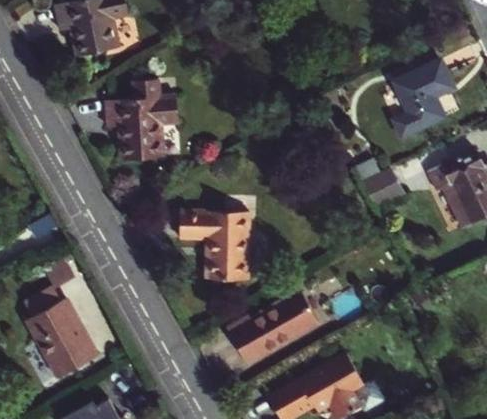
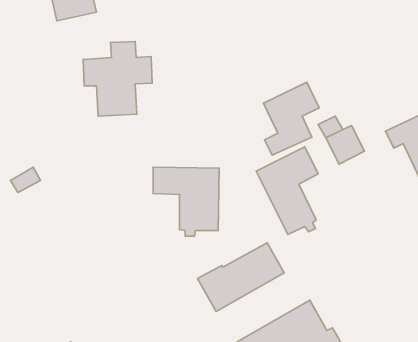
building: [393,60,452,137] -> [264,82,319,155]
building: none -> [256,147,318,234]
building: [23,284,96,377] -> none

